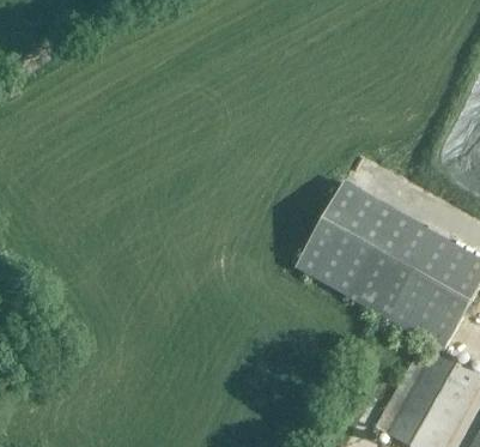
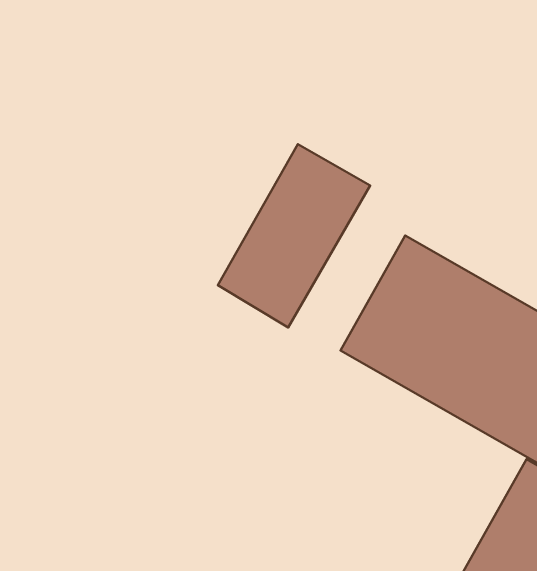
building: none -> [218,144,370,327]

